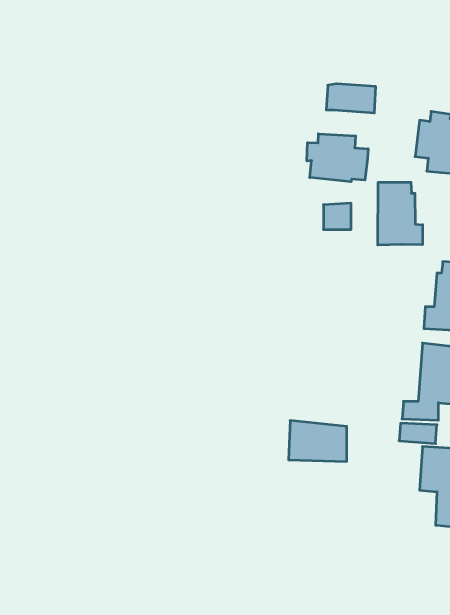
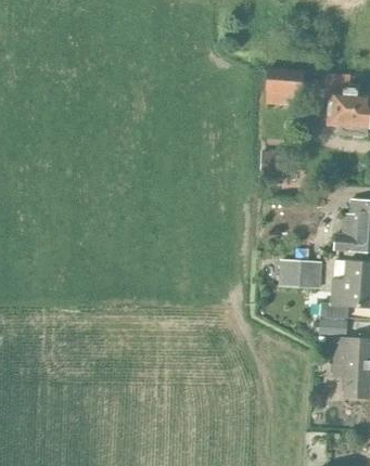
building: [307,134,368,182] -> none
building: [378,182,423,245] -> none
building: [289,421,347,461] -> [279,257,322,287]

